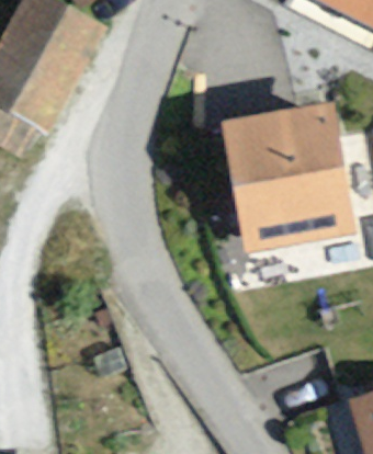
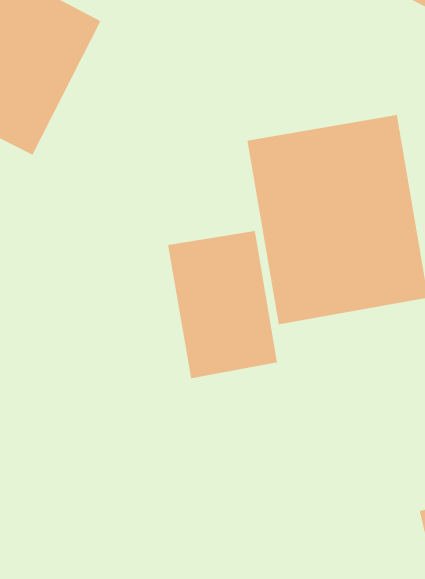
building: none -> [167,230,278,379]

